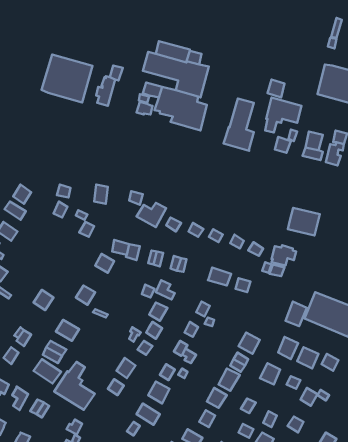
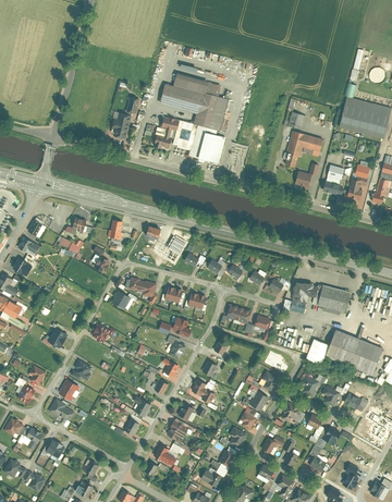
building: [42,54,92,103] -> none
building: [223,98,254,151] -> none
building: [288,208,320,235] -> [317,285,350,314]
building: [54,362,95,410] -> none

